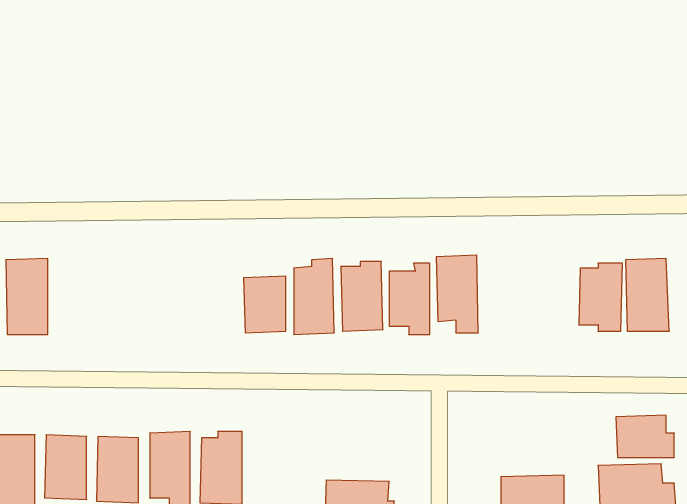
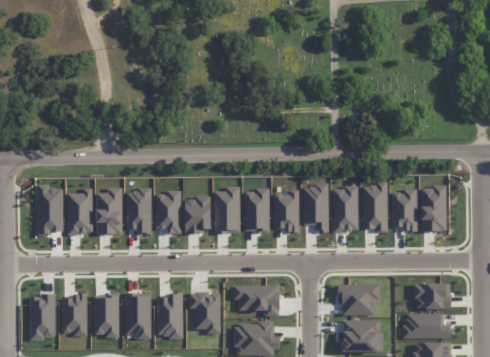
building: none -> [362,184,388,230]
building: none -> [332,187,358,232]
building: none -> [67,188,93,234]
building: none -> [97,188,122,234]
building: none -> [126,189,152,234]
building: none -> [156,190,181,234]
building: none -> [340,284,378,316]
building: none -> [234,285,279,316]
building: none -> [189,292,221,333]

